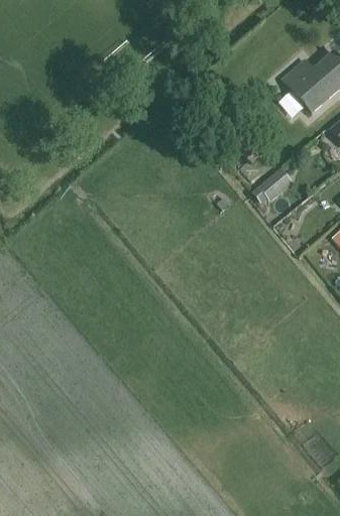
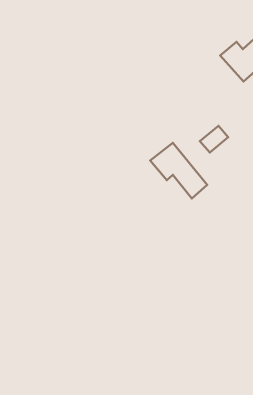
building: none -> [150,143,207,199]

